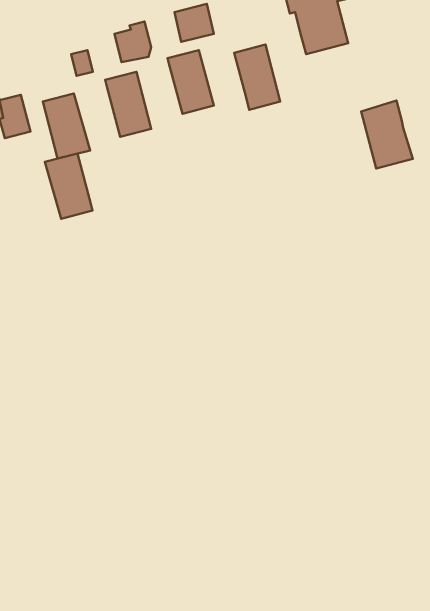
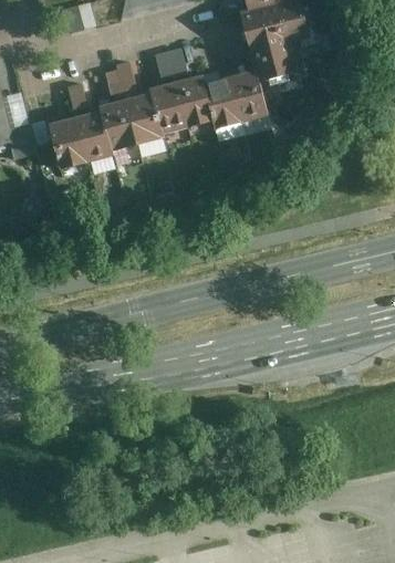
building: none -> [173,75,211,127]
building: none -> [122,93,160,146]
building: [361,101,413,168] -> [227,69,269,124]
building: [45,154,92,219] -> [71,111,110,164]

